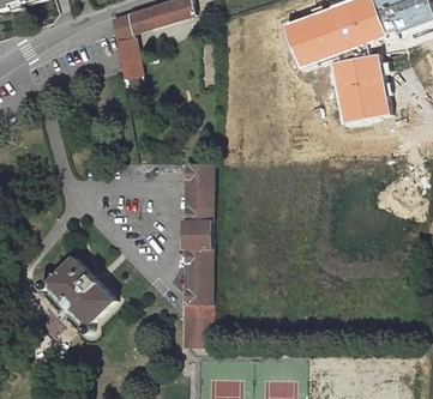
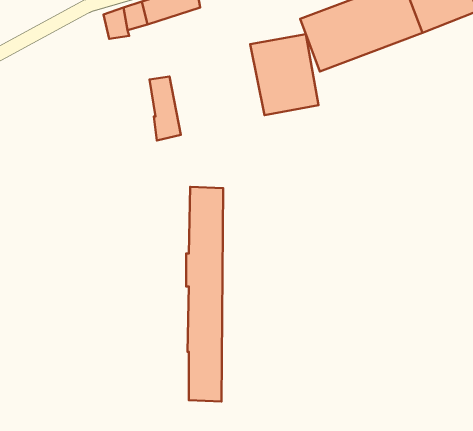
building: [118,38,144,92] -> [150,77,181,141]
building: [326,54,384,122] -> [250,34,319,115]
building: [40,256,116,334] -> none

